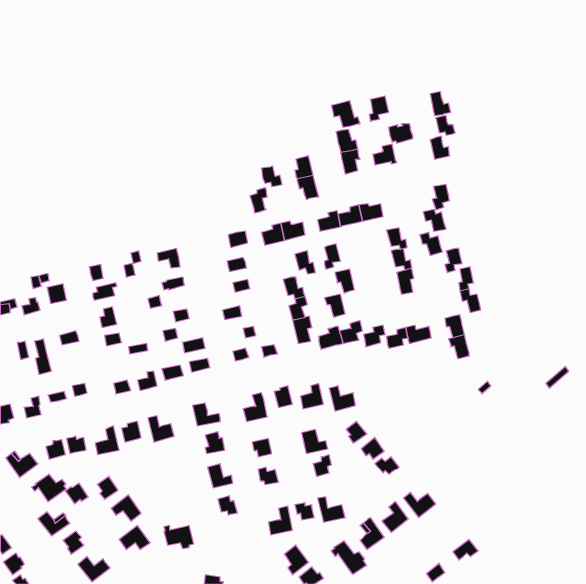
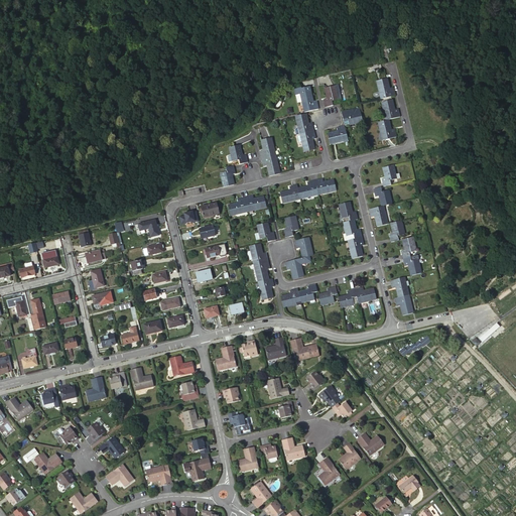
building: [32,474,66,502] -> none
building: none -> [182,452,210,480]
building: [331,541,367,574] -> none

